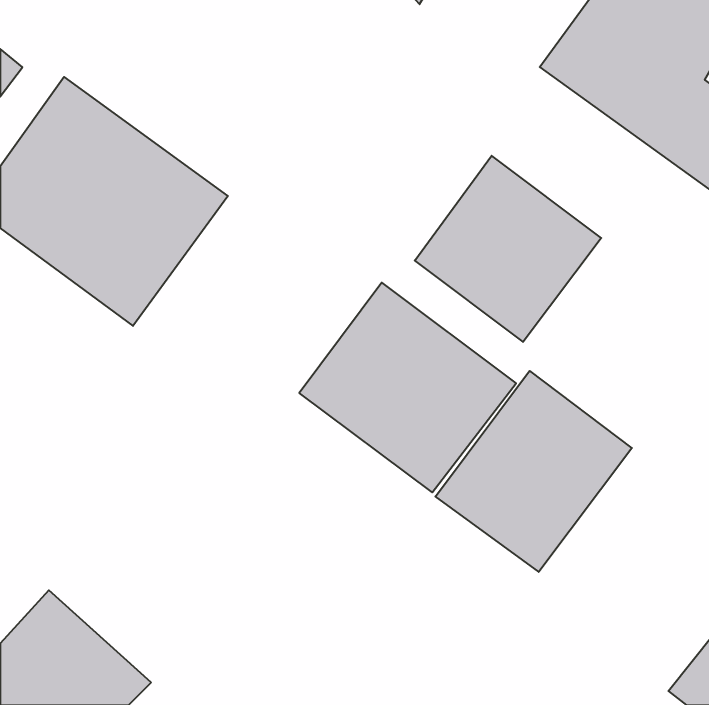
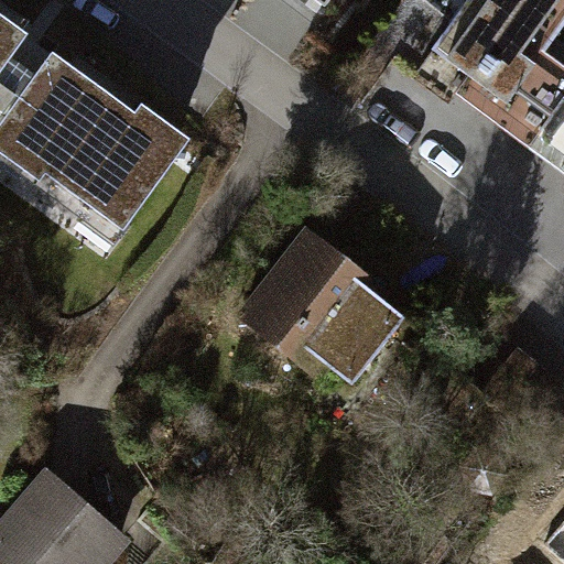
building: [415,156,601,342] -> none
building: [435,371,632,572] -> none

